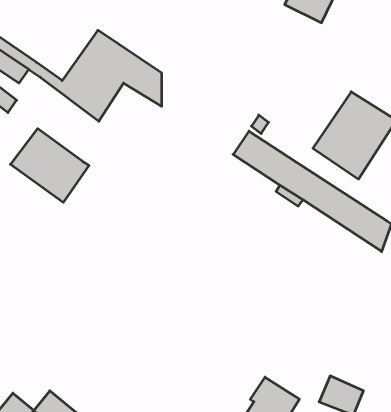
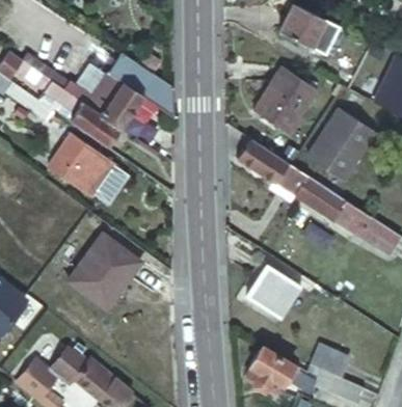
building: none -> [253,66,318,133]
building: none -> [55,86,123,148]
building: none -> [68,235,140,309]
building: none -> [247,266,300,319]

